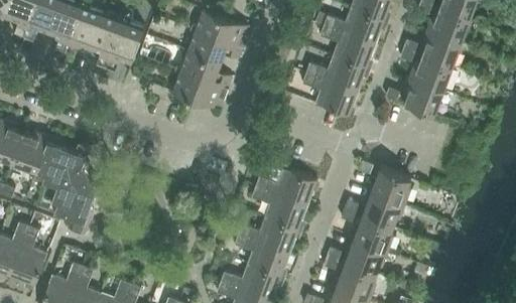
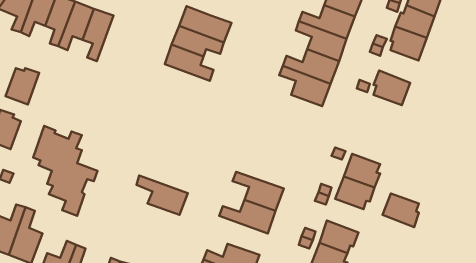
building: [105,18,143,70] -> none
building: [409,55,452,91] -> none
building: [170,70,227,110] -> none
building: [12,132,48,171] -> [6,68,39,105]
building: [255,168,315,204] -> none
building: [353,215,392,252] -> [382,193,419,227]
building: [234,234,289,276] -> [136,176,188,215]

